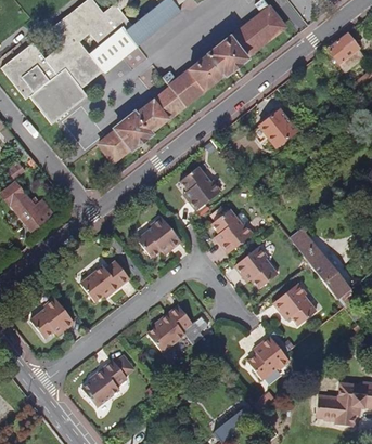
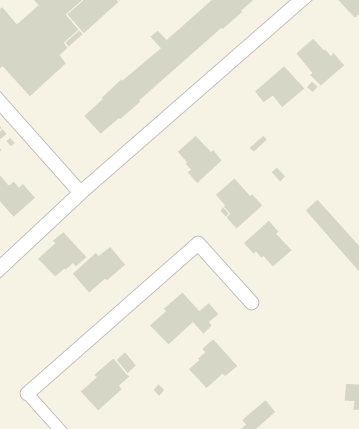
building: none -> [295,38,345,87]
building: [137,216,181,257] -> none
building: [272,283,316,326] -> none
building: [29,297,74,337] -> [37,232,87,277]
building: [246,336,291,380] -> [188,338,238,389]

